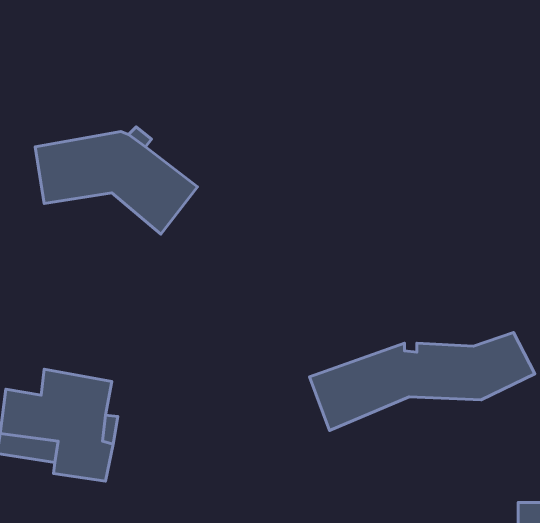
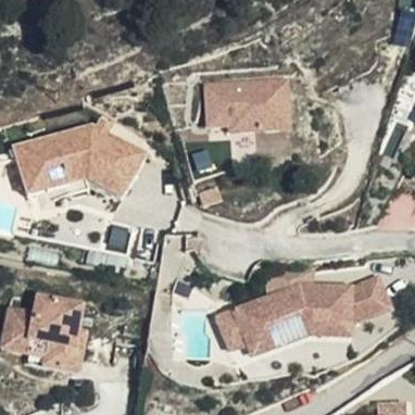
building: none -> [216,74,305,150]
building: none -> [11,141,120,212]
building: none -> [208,304,347,362]

